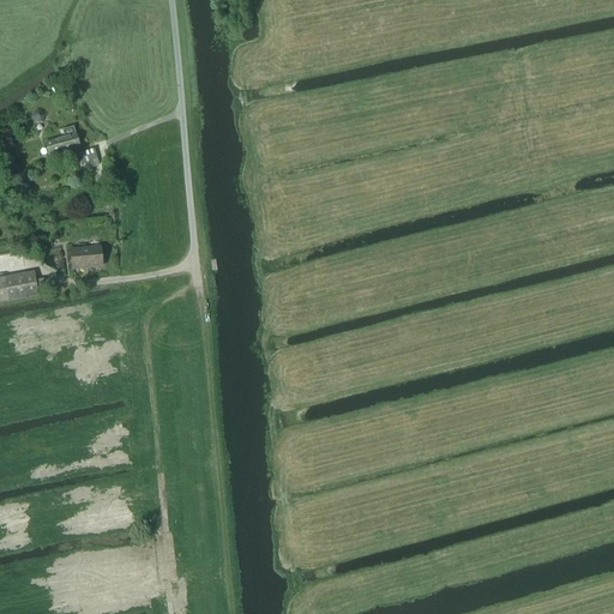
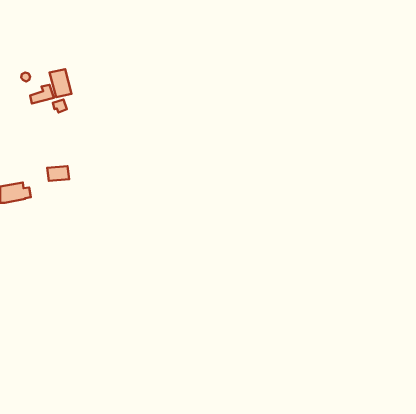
building: none -> [50,69,72,97]

